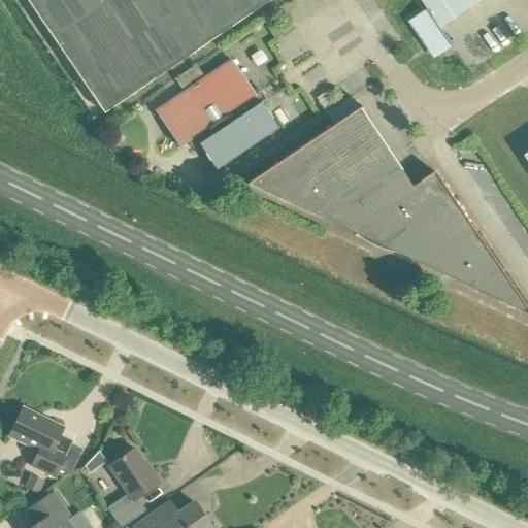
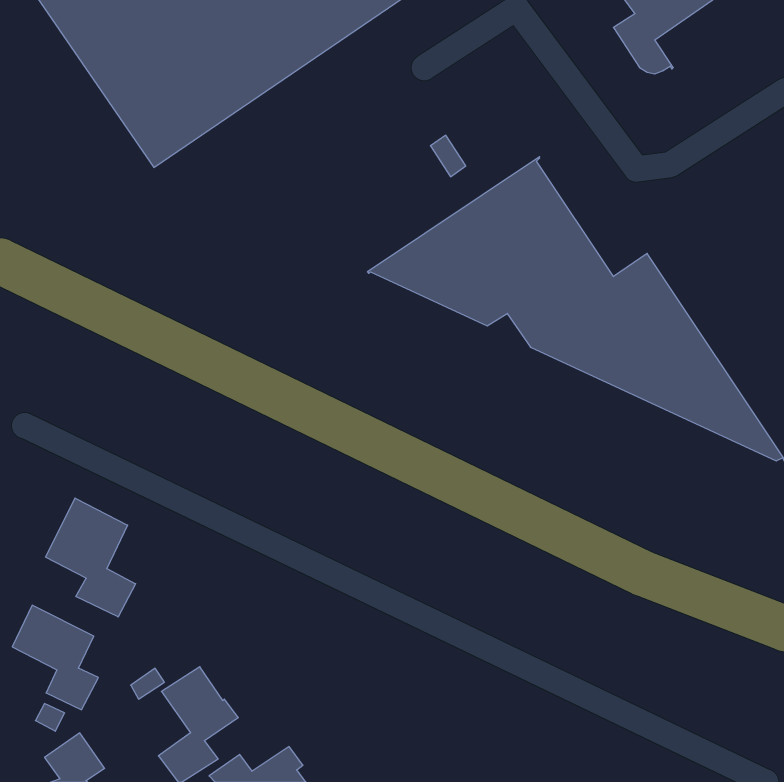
building: [157,59,278,169] -> none
building: none -> [46,498,136,617]

